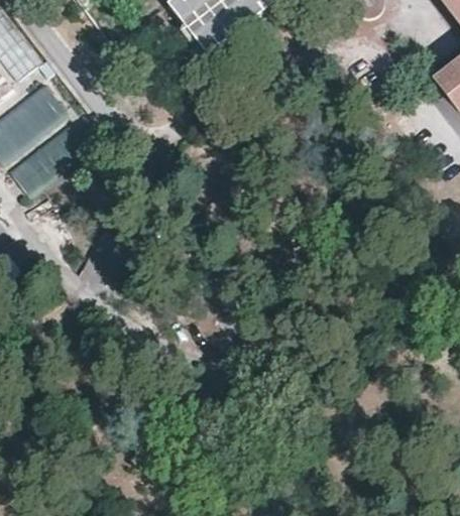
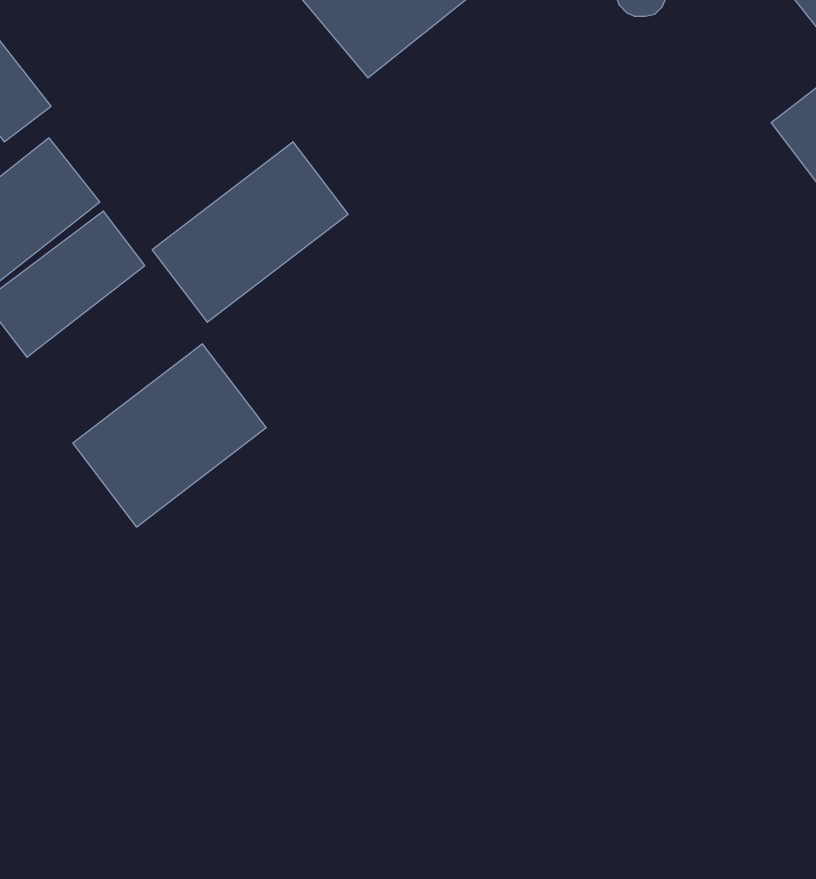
building: none -> [152,142,348,322]
building: none -> [73,344,266,527]

